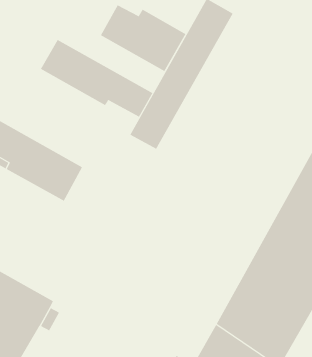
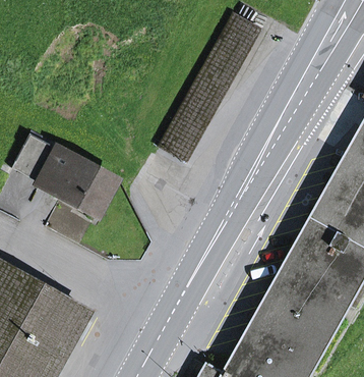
building: [100,4,186,72] -> none
building: [40,39,153,118] -> none

